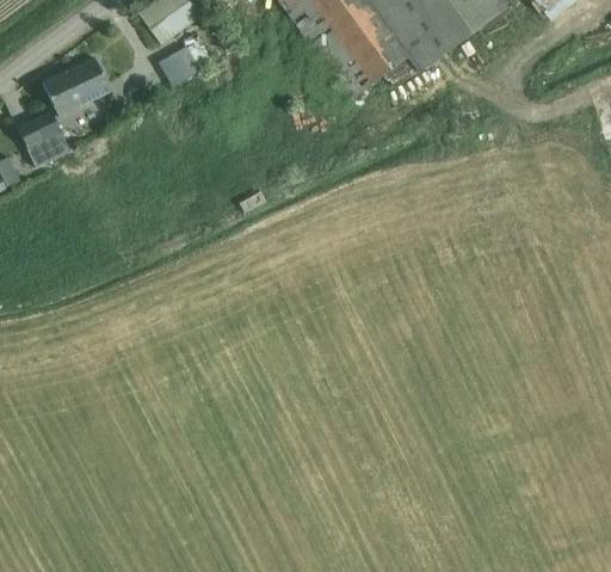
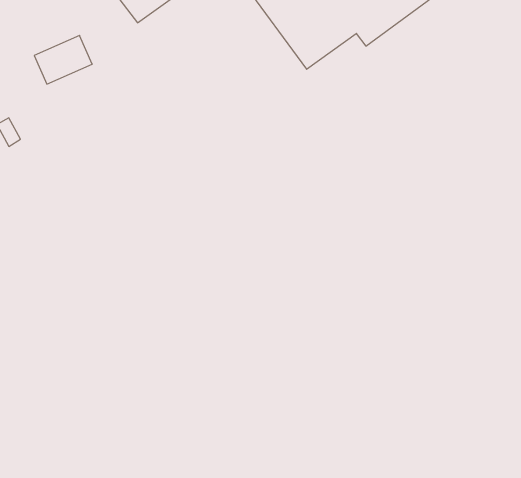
building: [159,43,202,84] -> none
building: [18,111,70,166] -> none

